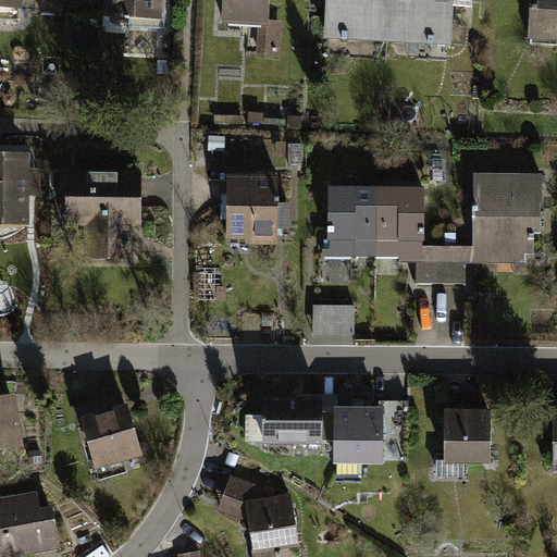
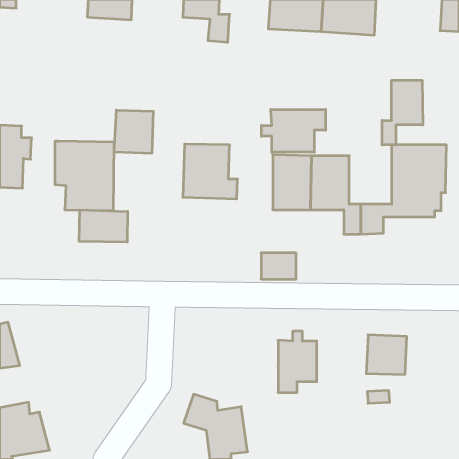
building: none -> [382,80,423,145]
building: none -> [261,109,326,152]
building: none -> [114,110,153,153]
building: none -> [79,210,128,242]
building: [73,395,138,478] -> none
building: [245,400,336,443] -> none

